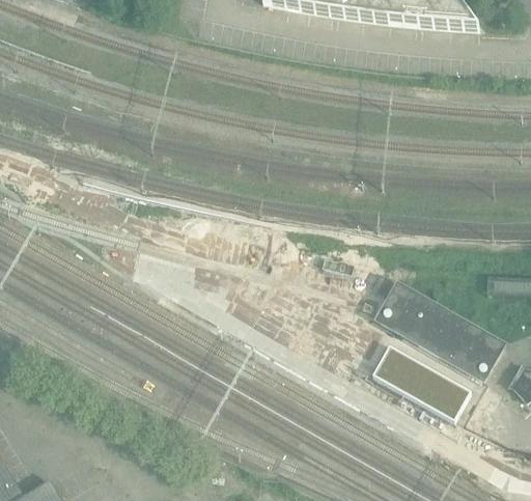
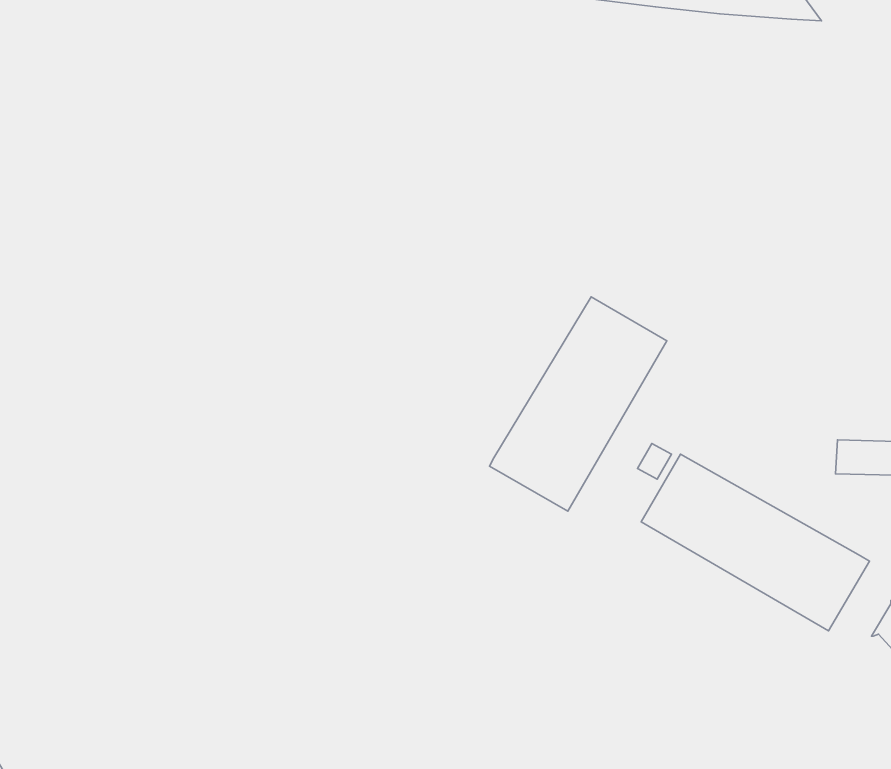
building: none -> [489,297,667,511]
building: [373,347,469,420] -> none

